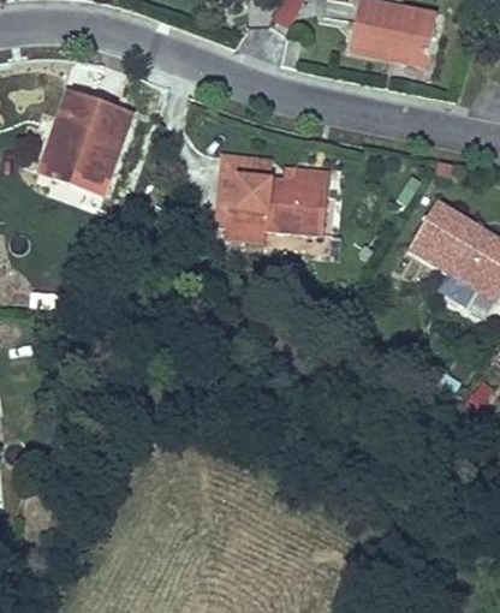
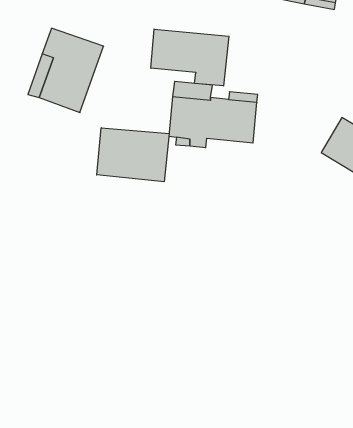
building: none -> [151,29,229,86]
building: none -> [97,128,169,182]

